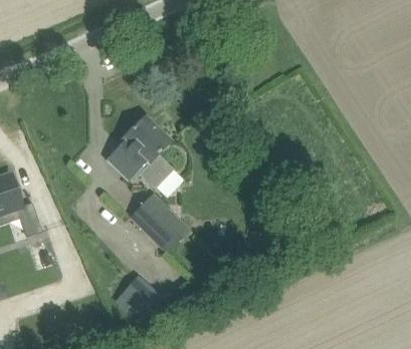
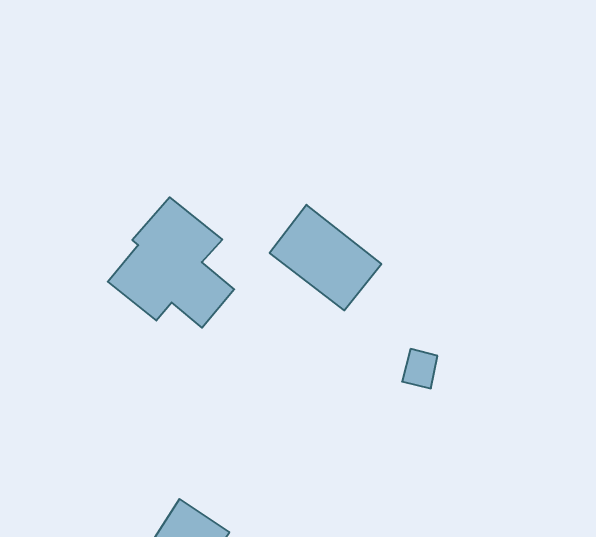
building: [129,194,188,252] -> [270,205,381,310]

